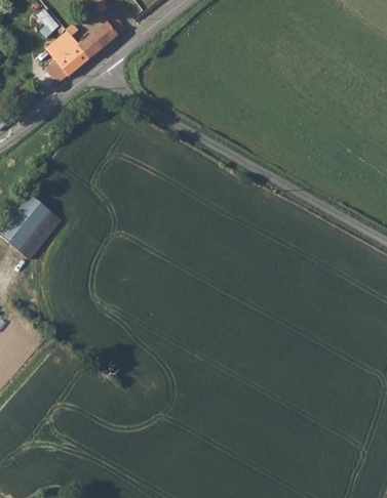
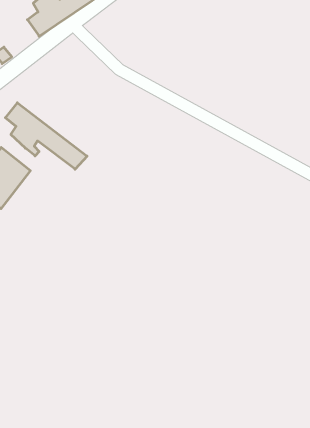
building: none -> [5,103,87,169]

